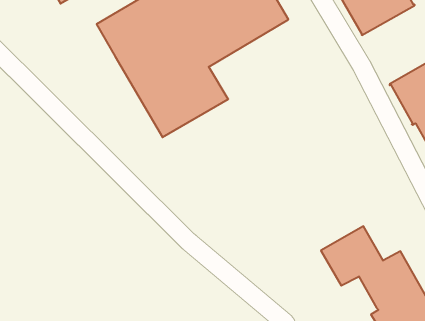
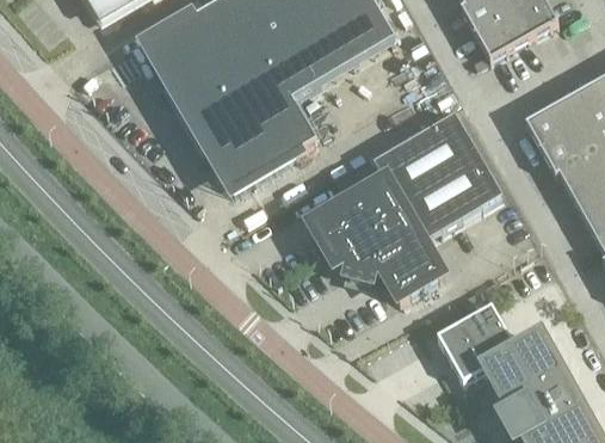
building: none -> [310,111,504,299]

